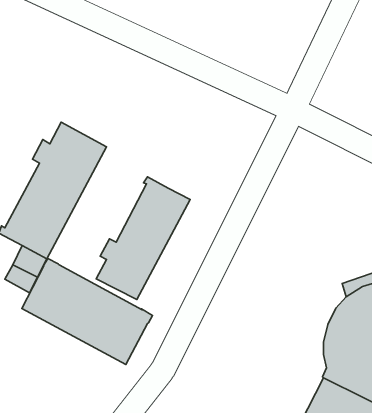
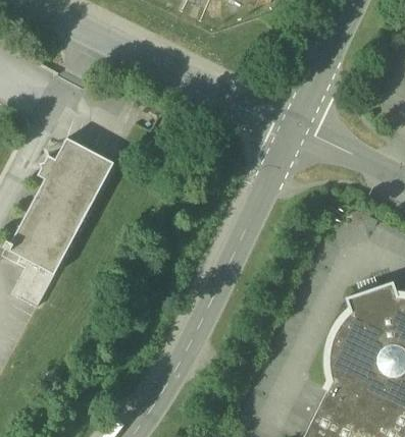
building: [96,177,190,300] -> none
building: [22,258,153,365] -> none

